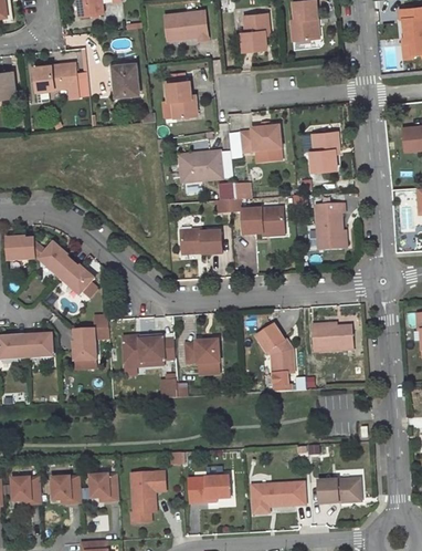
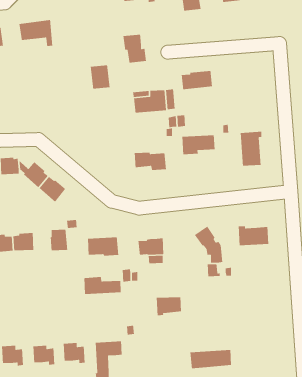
building: [112,62,138,94] -> [90,64,111,90]
building: [309,131,338,171] -> none
building: none -> [83,276,121,295]
building: [197,477,230,502] -> [156,296,182,316]
building: [317,478,360,503] -> none

